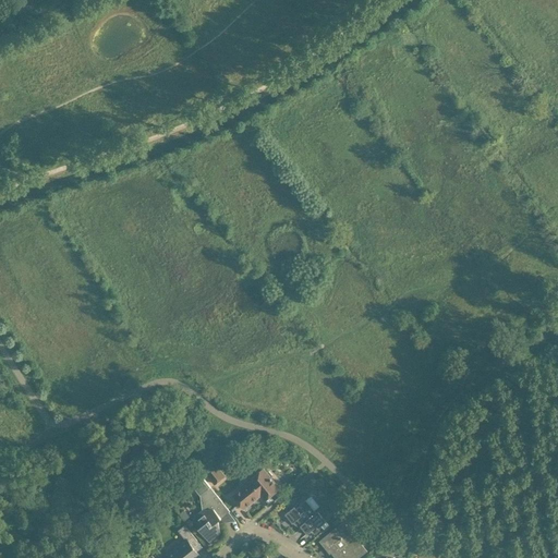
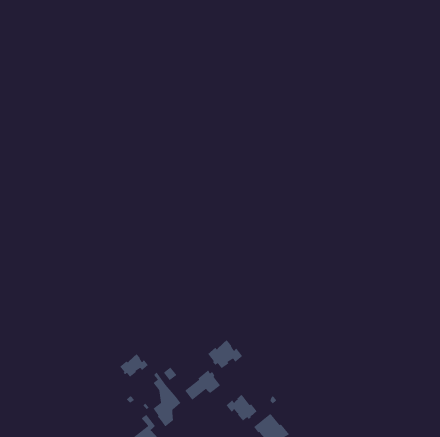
building: none -> [207,339,243,369]
building: none -> [119,353,149,377]

